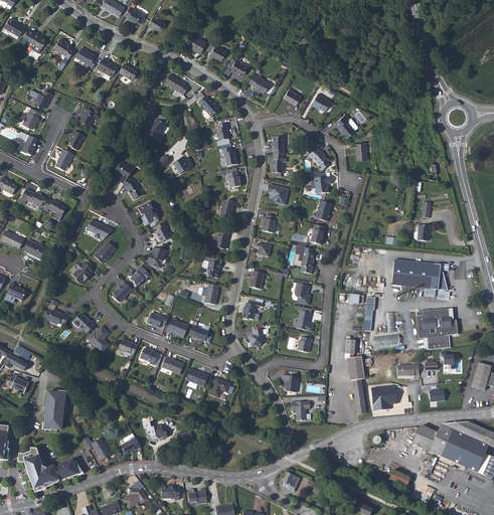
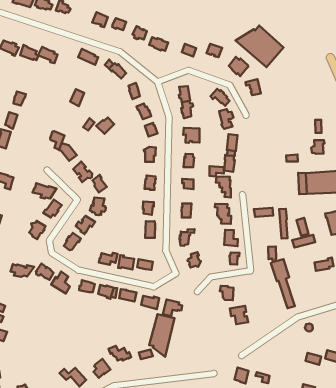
building: none -> [236,25,283,67]
building: [368,384,395,410] -> none
building: [42,390,66,430] -> none
building: none -> [149,314,175,357]

